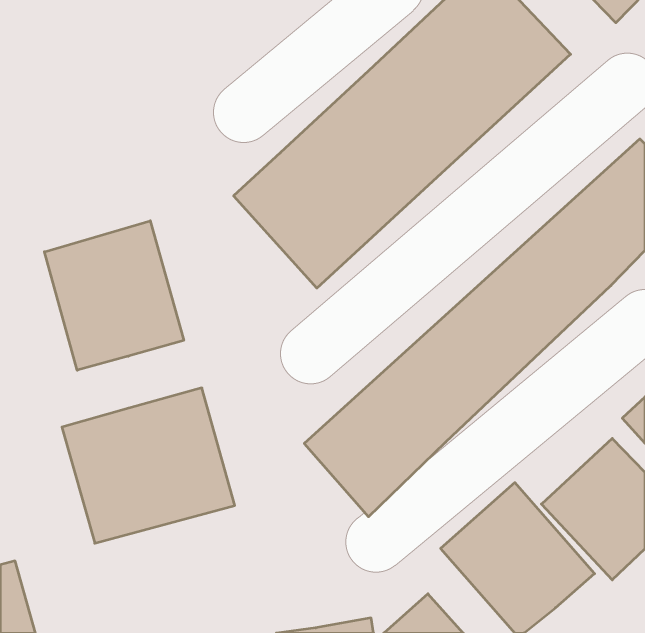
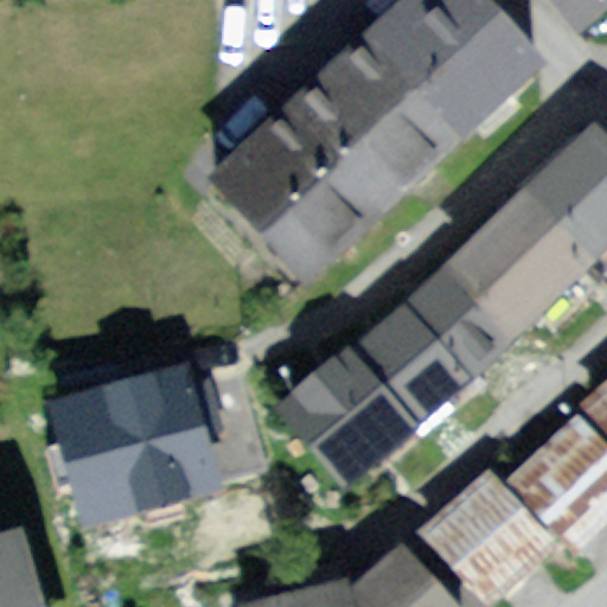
building: [44,221,184,370] -> none

